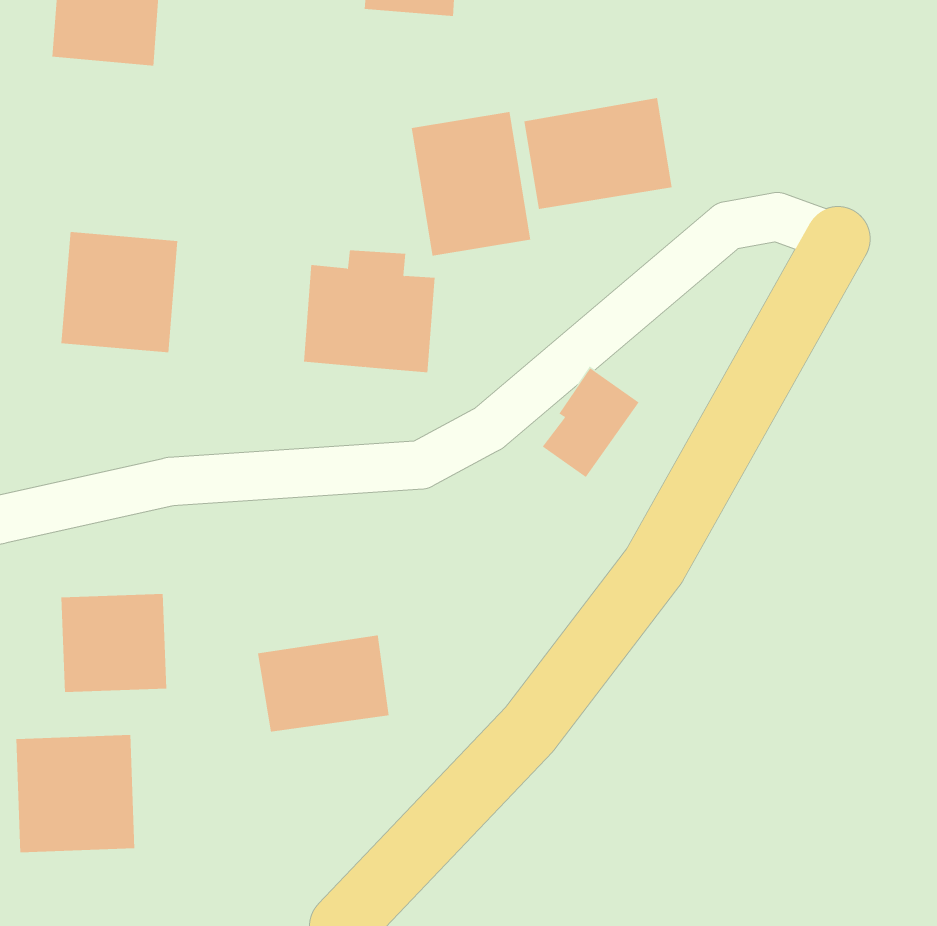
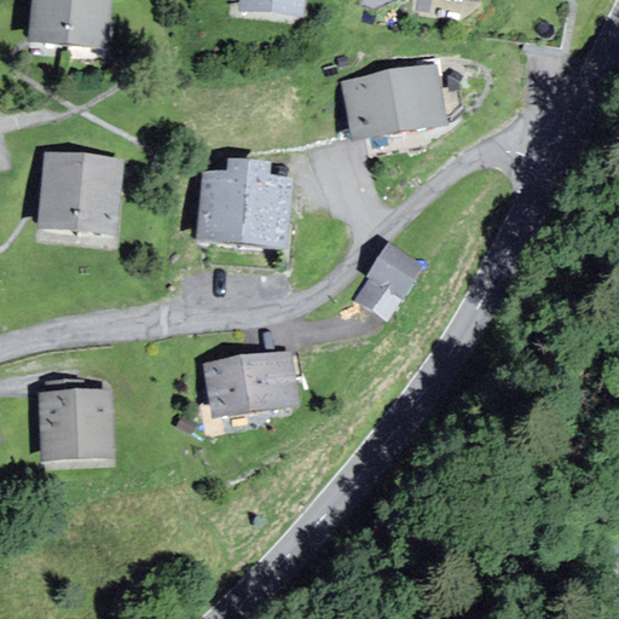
building: [411,111,531,257] -> none
building: [257,635,390,732] -> [207,351,294,415]
building: [16,734,135,853] -> none

